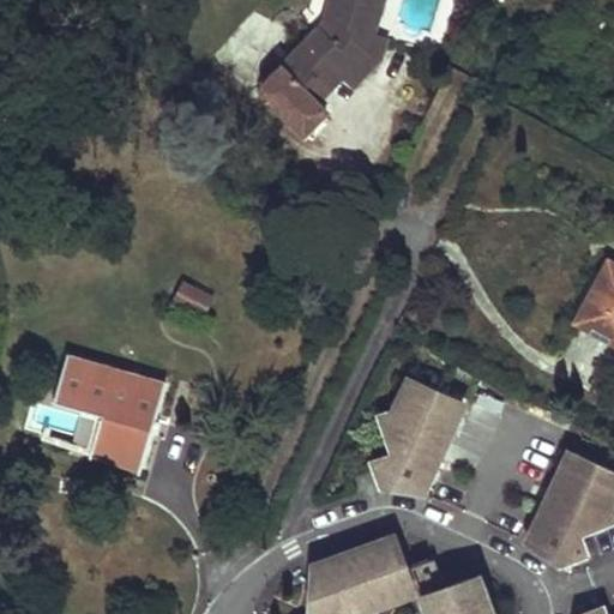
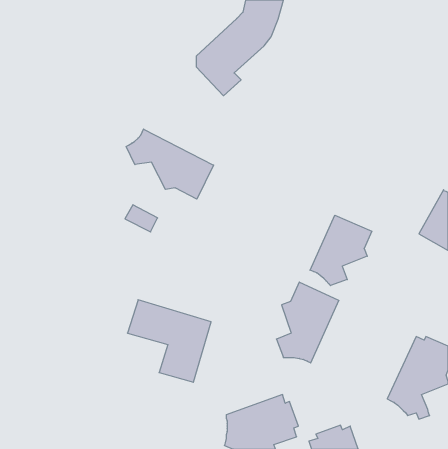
building: none -> [126,129,214,199]
building: none -> [310,215,372,286]
building: [53,354,167,466] -> [127,300,211,382]

